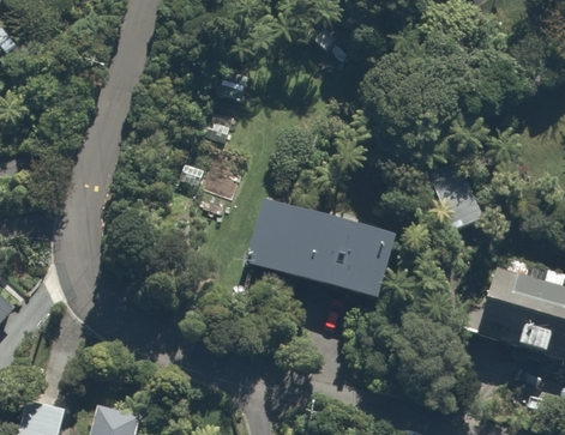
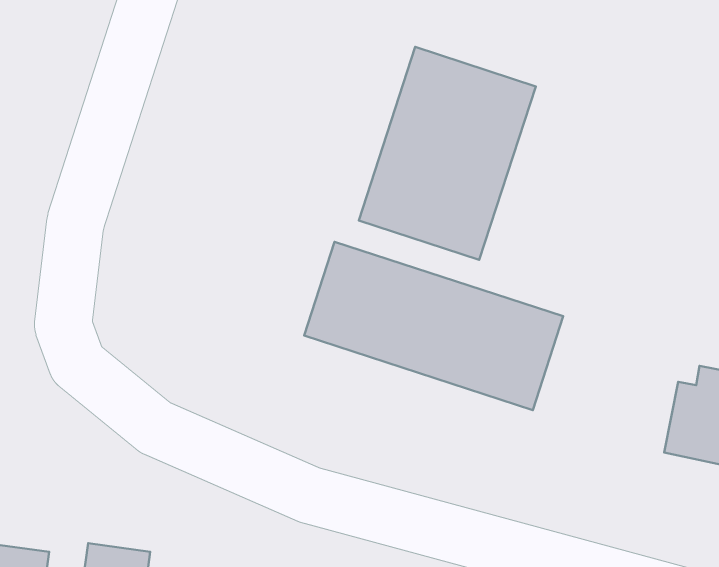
building: none -> [359,47,536,260]

